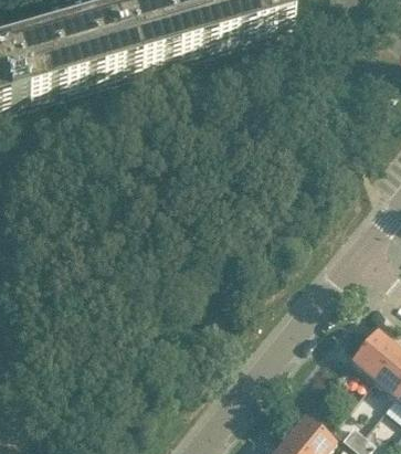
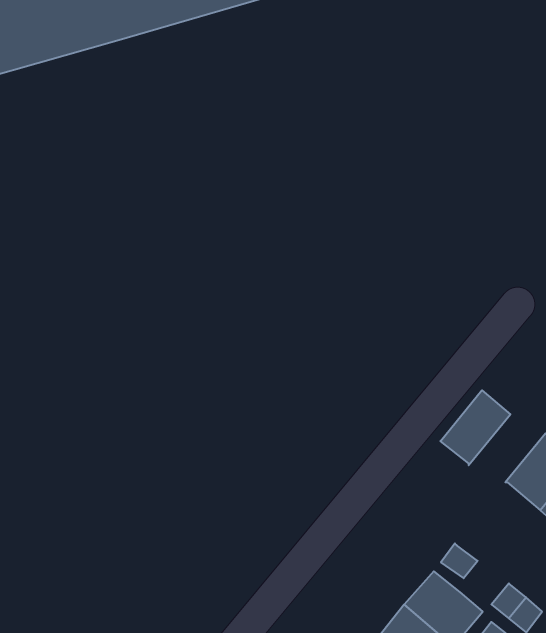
building: none -> [440,390,510,465]

